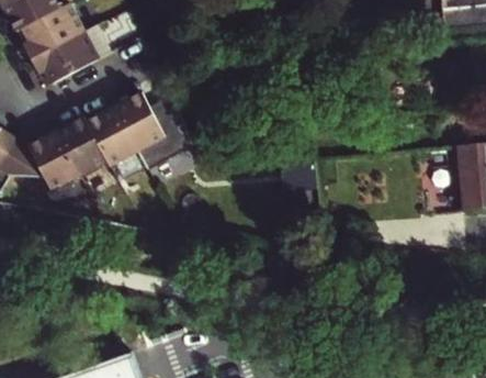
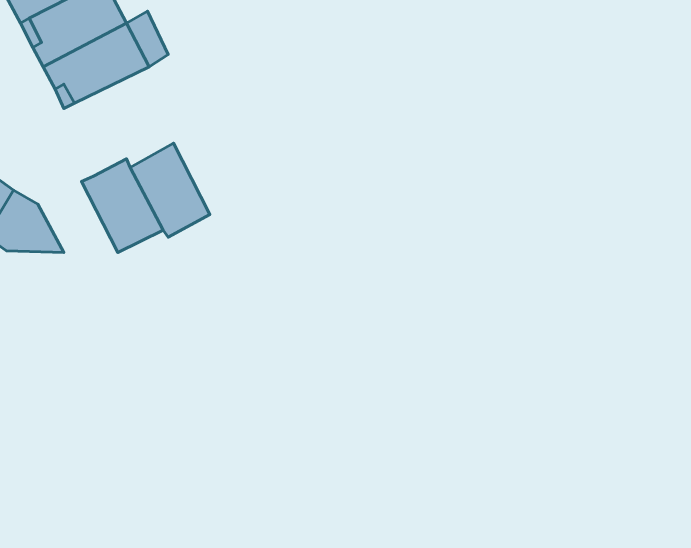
building: [116,94,168,154] -> none
building: [31,133,81,193] -> none

